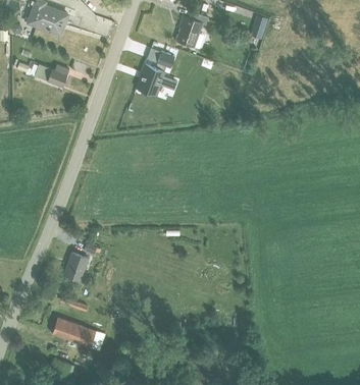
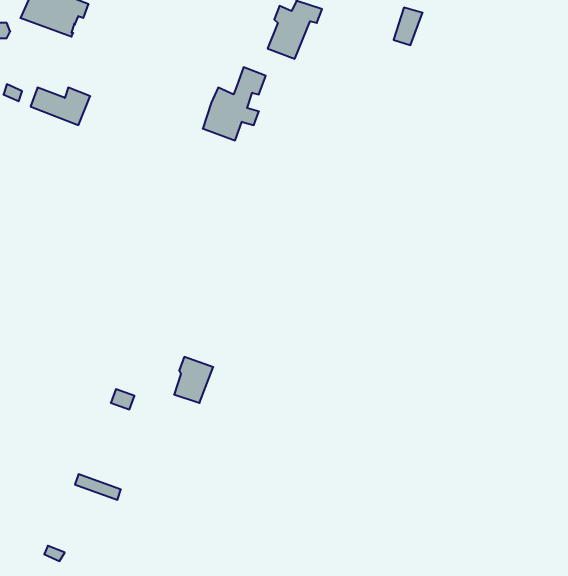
building: [65,252,89,279] -> [174,357,213,403]
building: [52,317,105,349] -> none

